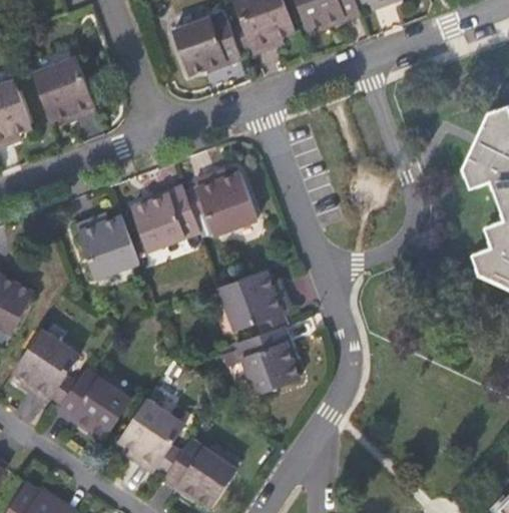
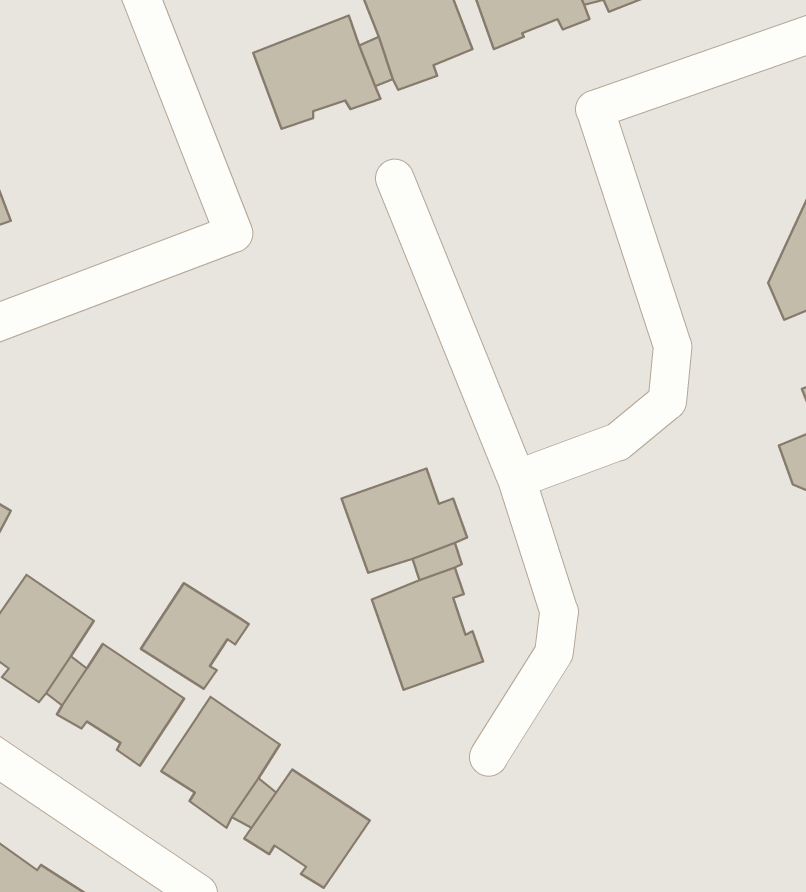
building: [33,60,98,123] -> none
building: [194,172,259,235] -> none
building: [132,185,200,250] -> none
building: [76,215,140,280] -> none
building: none -> [141,583,249,689]

